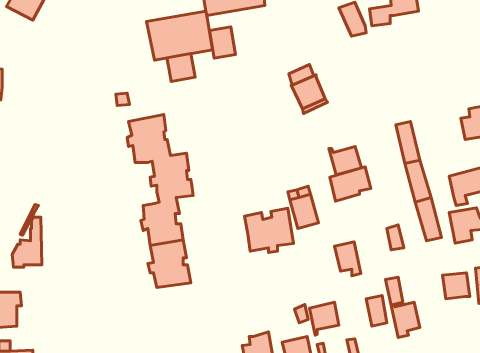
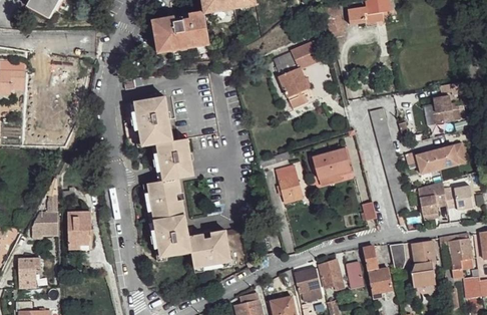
building: [209,27,235,58] -> none
building: none -> [291,41,322,69]
building: [167,54,195,81] -> none
building: [329,146,362,175] -> none
building: [245,208,294,252] -> [186,228,229,267]
building: none -> [69,212,93,250]
building: [335,242,361,276] -> [319,260,342,290]
building: none -> [388,243,405,273]
building: none -> [411,263,434,290]

